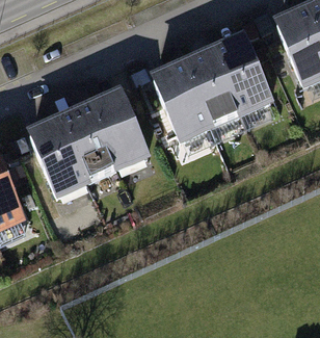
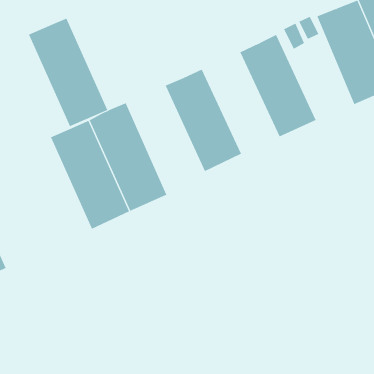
building: [180,45,242,127] -> none
building: [26,113,90,202] -> [28,18,108,127]

